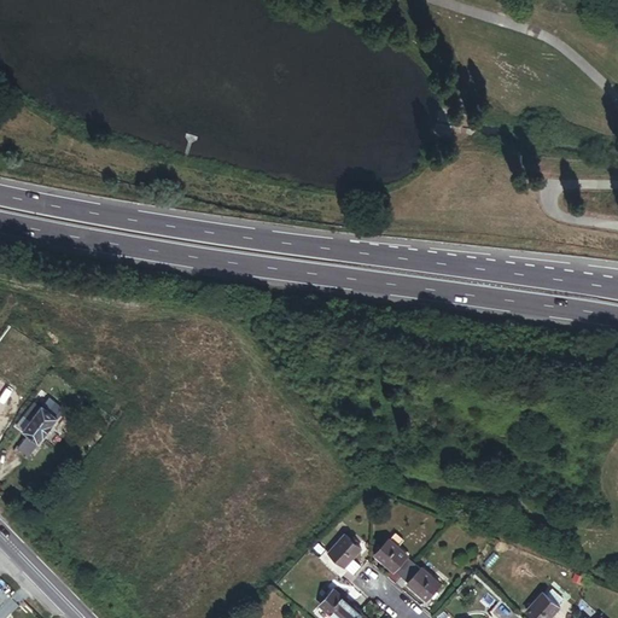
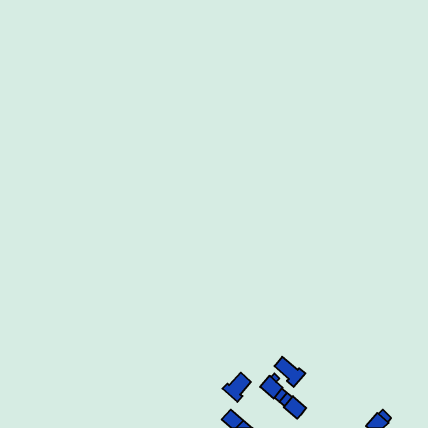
building: [17,402,58,454] -> none
building: none -> [274,357,305,387]

